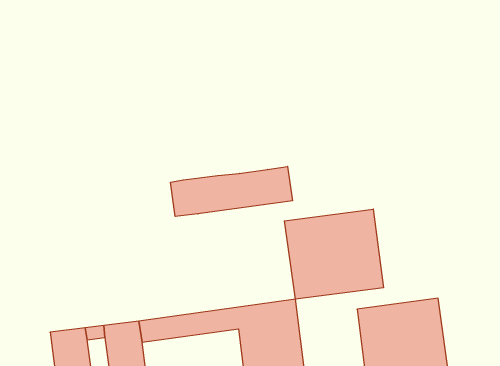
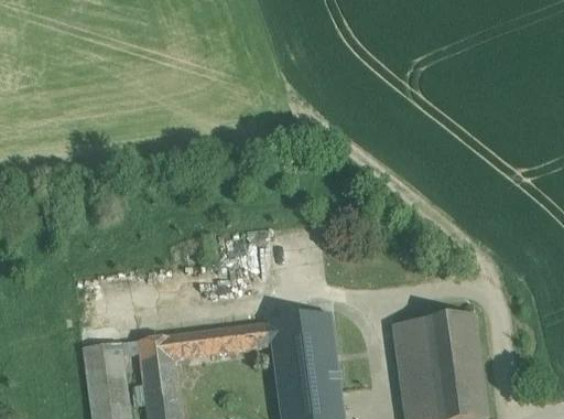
building: [171,166,292,216] -> none
building: [284,209,383,299] -> none

